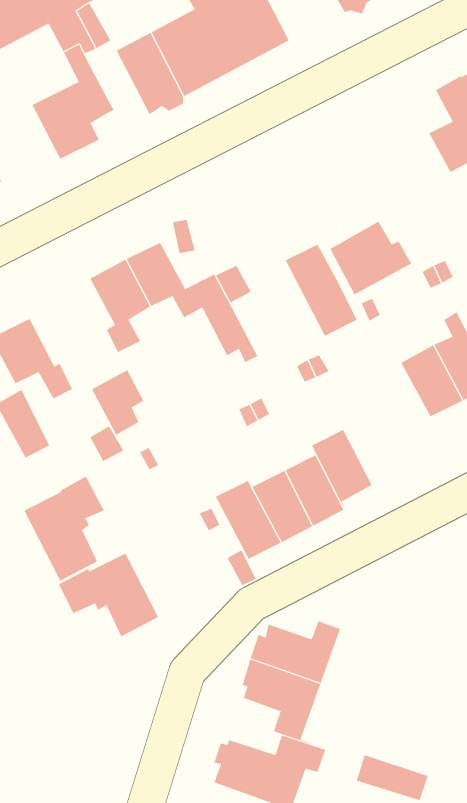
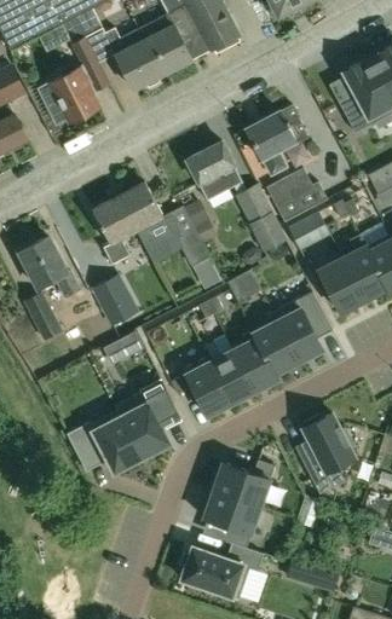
building: none -> [244,110,295,174]
building: none -> [184,140,241,201]
building: none -> [272,291,333,360]
building: [23,476,104,581] -> [115,380,174,457]
building: none -> [302,412,356,493]

